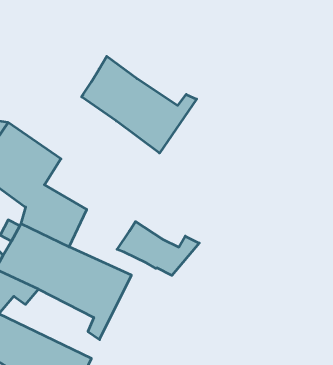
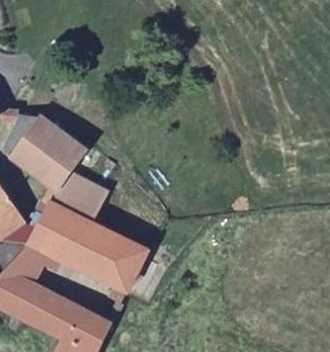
building: [82,56,197,153] -> none
building: [117,222,199,275] -> none

